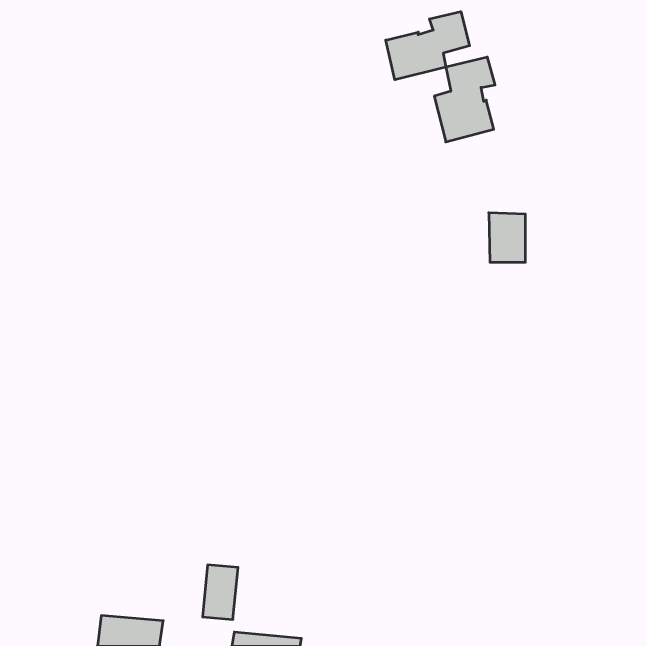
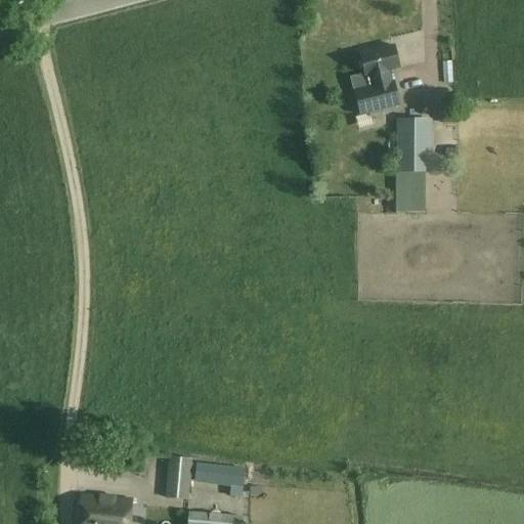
building: [386,12,470,80] -> none
building: none -> [395,120,432,173]
building: none -> [194,463,246,497]

